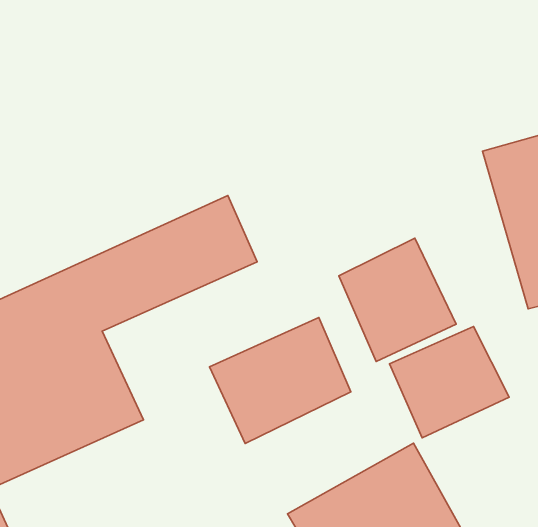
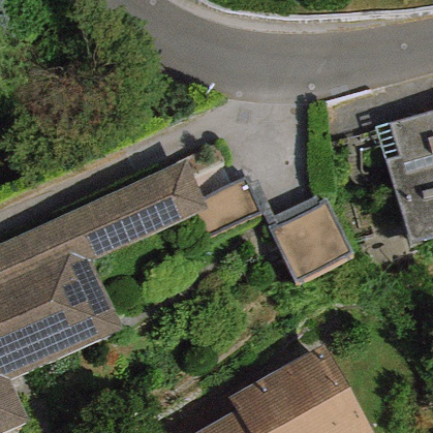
building: [209,317,351,444] -> none
building: [390,326,509,438] -> none

